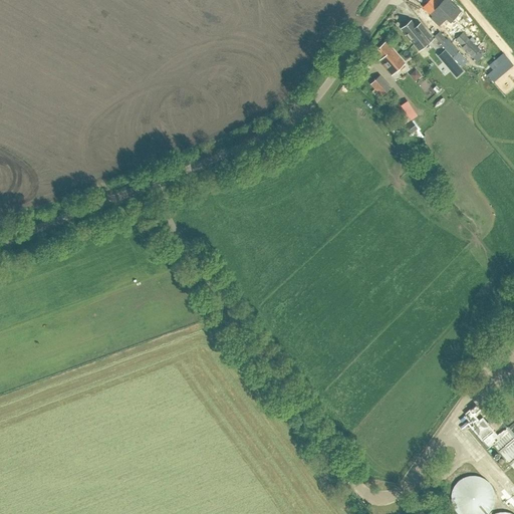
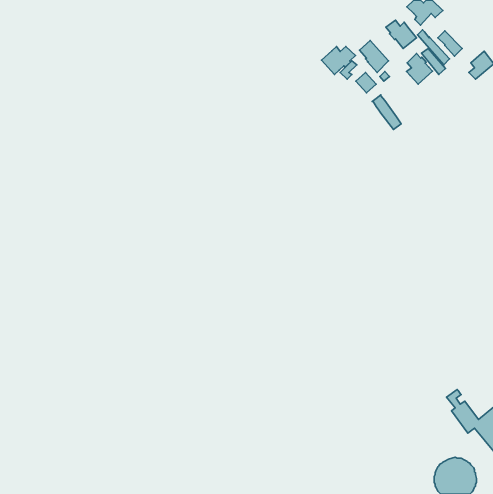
building: none -> [321,46,356,74]
building: none -> [407,53,432,84]

